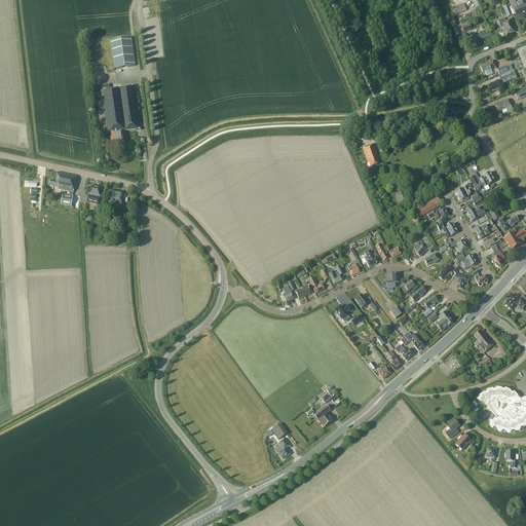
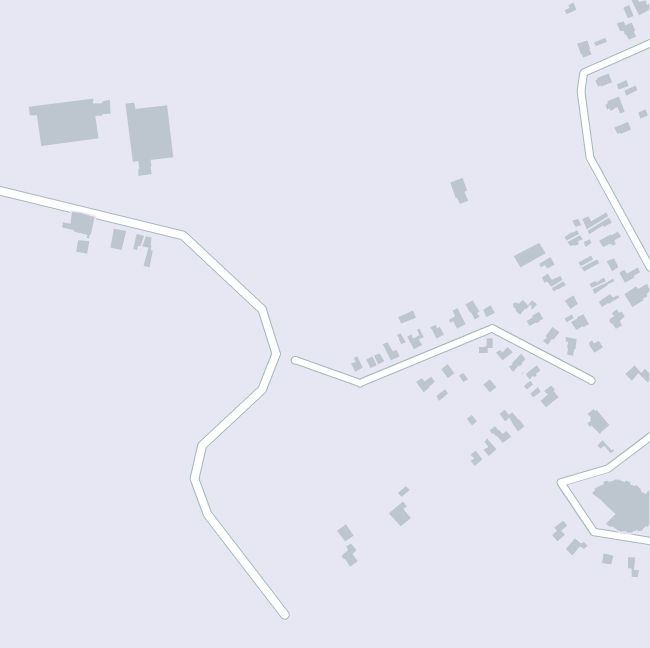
building: [110,36,135,67] -> none
building: none -> [28,98,112,147]

